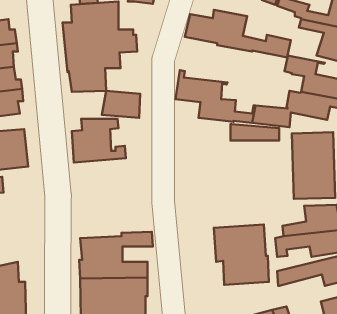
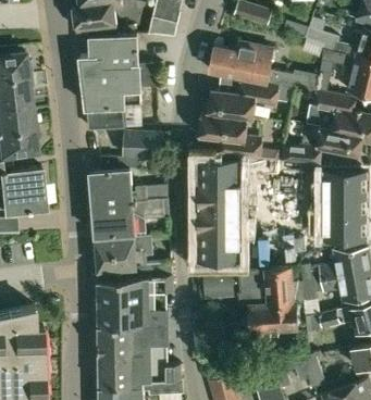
building: none -> [207,80,279,120]
building: none -> [195,159,240,261]
building: none -> [91,198,169,236]
building: none -> [95,237,172,278]
building: none -> [202,273,233,297]

